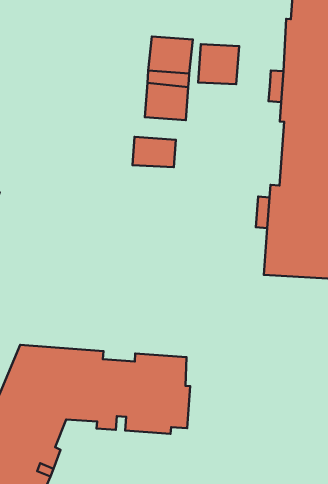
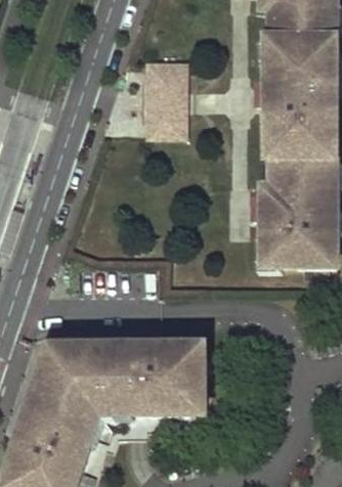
building: [198,44,239,84] -> none
building: [132,137,176,167] -> none

